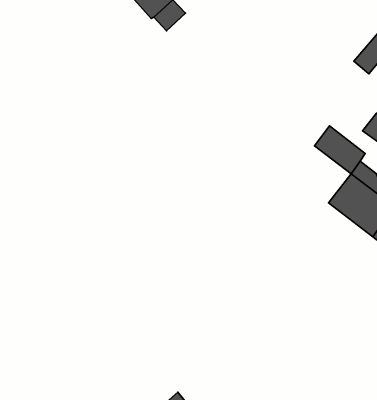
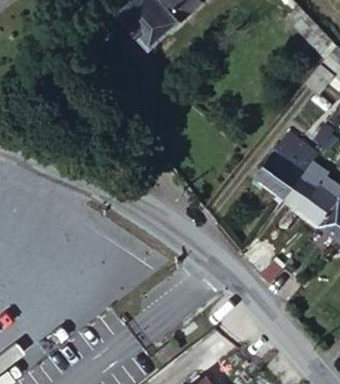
building: none -> [258,151,305,196]

